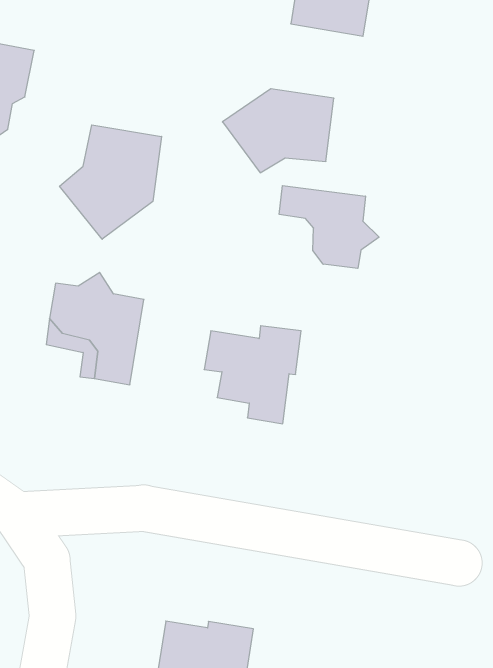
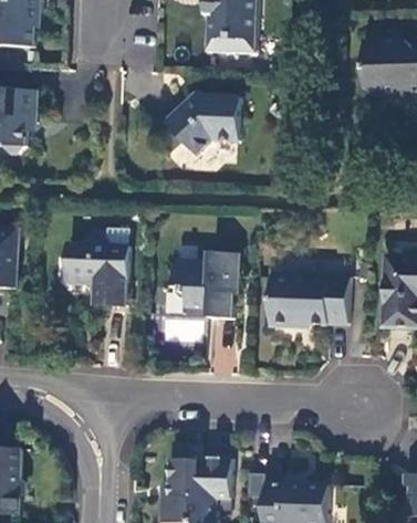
building: [60,125,162,239] -> none
building: [279,186,379,268] -> none
building: none -> [270,274,346,327]

